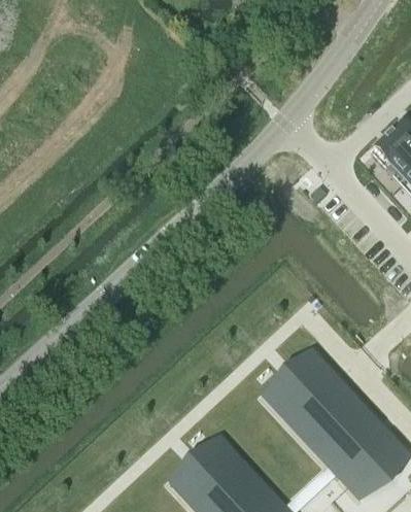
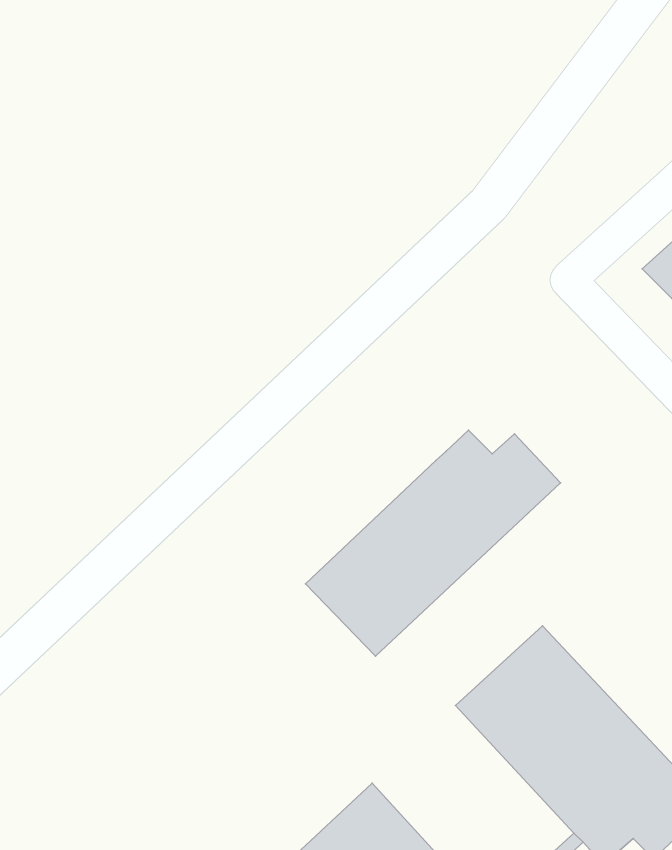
building: none -> [306,430,560,656]

